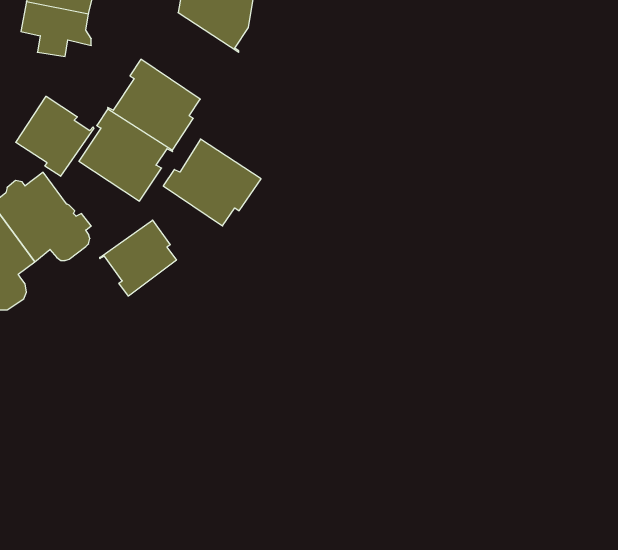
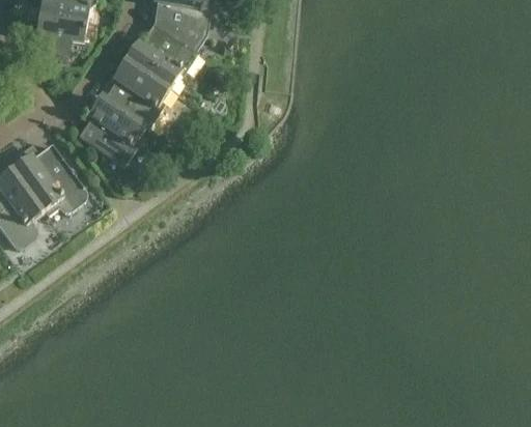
building: [16,96,94,176] -> none
building: [163,139,261,226] -> [124,22,198,87]
building: [100,220,176,296] -> none

